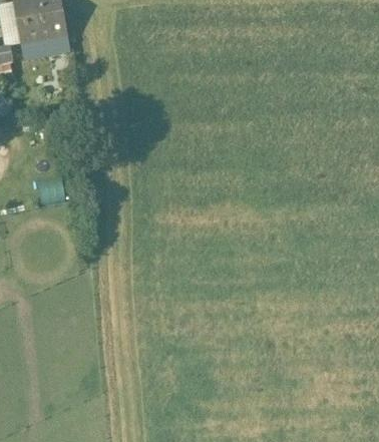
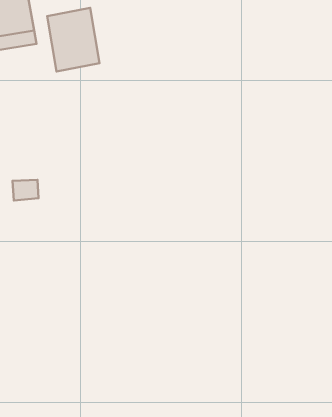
building: none -> [47,8,99,71]

